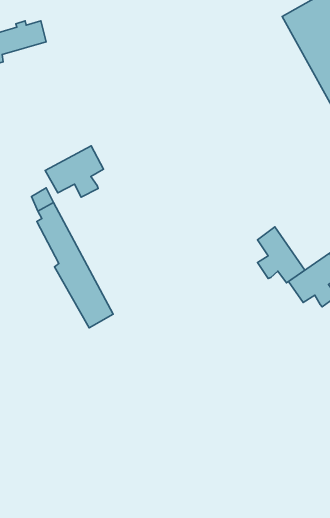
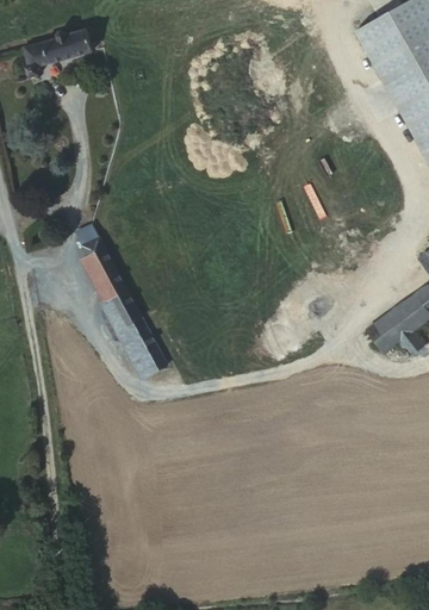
building: [45,146,103,197] -> none
building: [257,227,305,283] -> none

